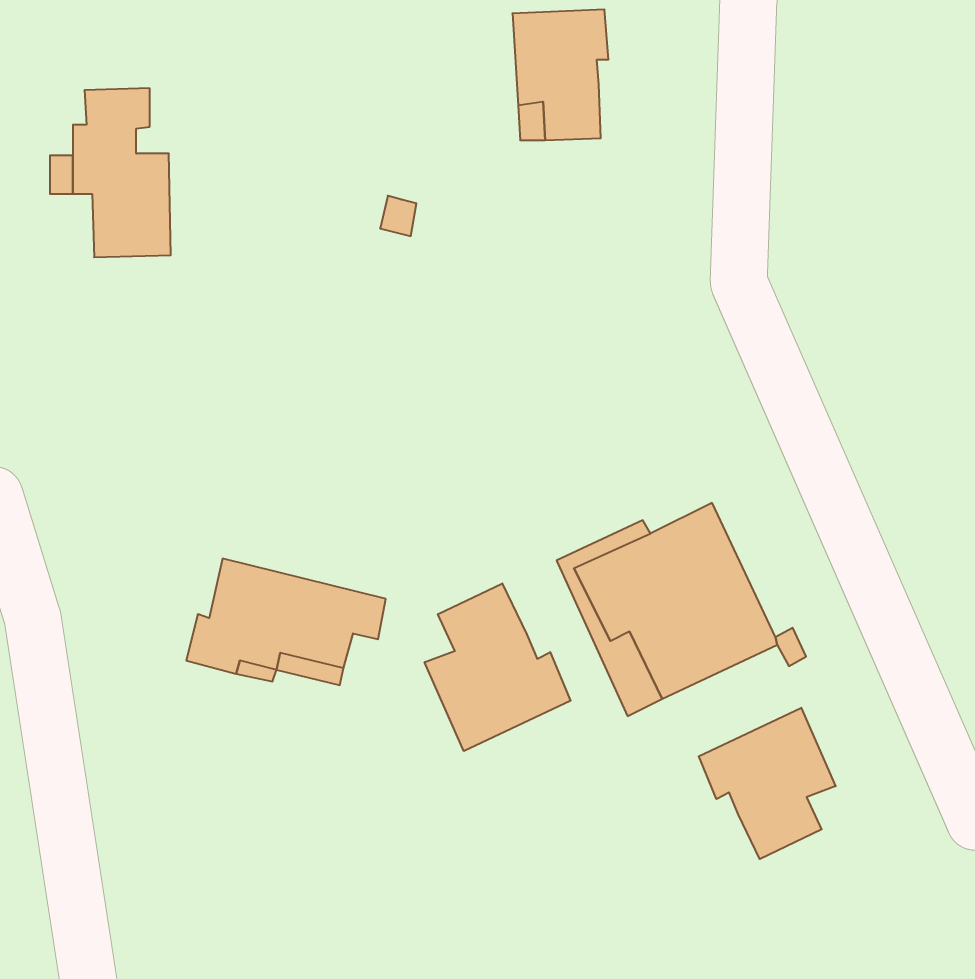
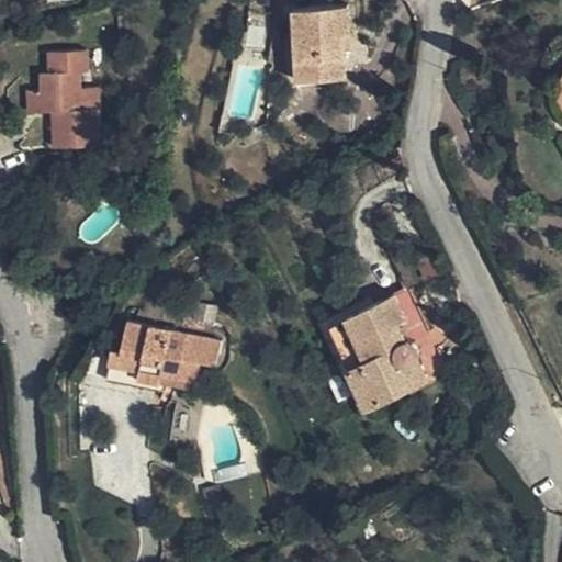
building: [425,583,571,751] -> none
building: [699,708,836,859] -> none

